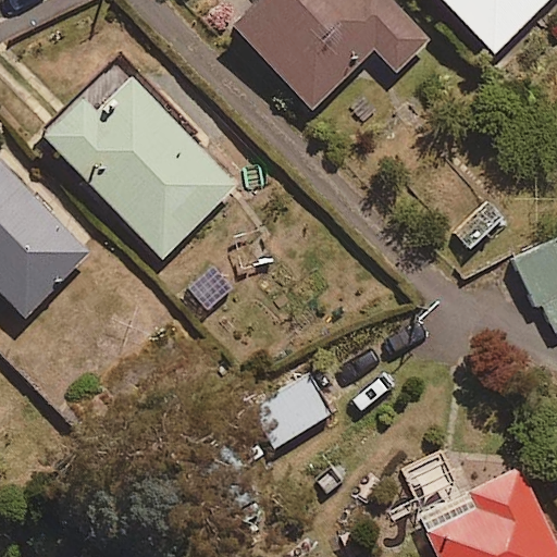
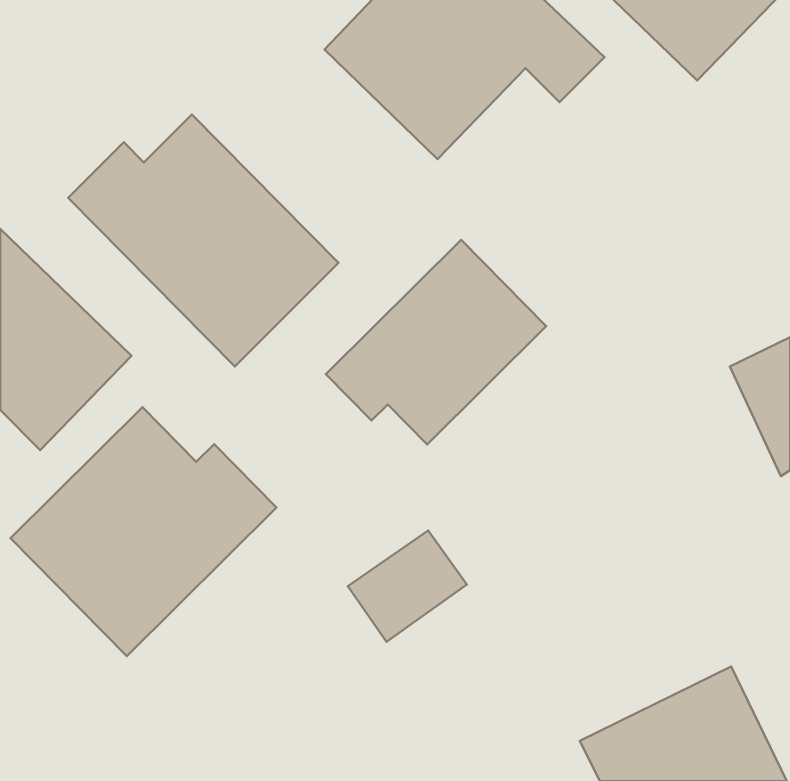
building: none -> [326,240,546,445]
building: none -> [11,407,277,656]

